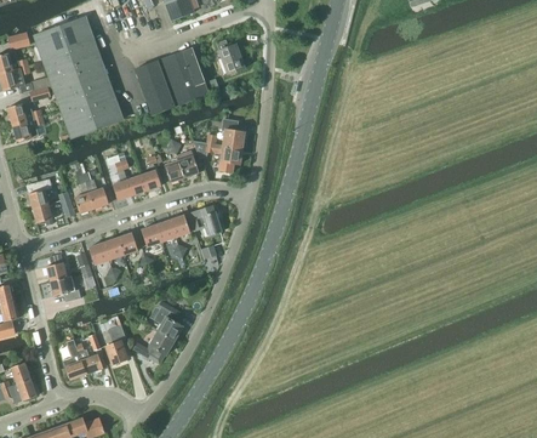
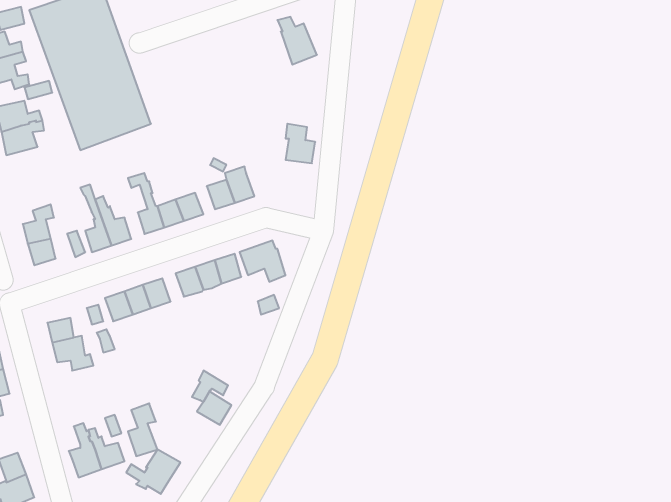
building: [135,49,208,115] -> none
building: [193,141,241,172] -> none
building: [133,331,173,364] -> [126,449,180,494]

